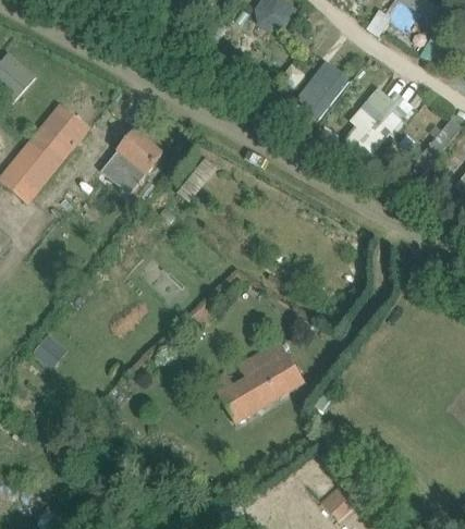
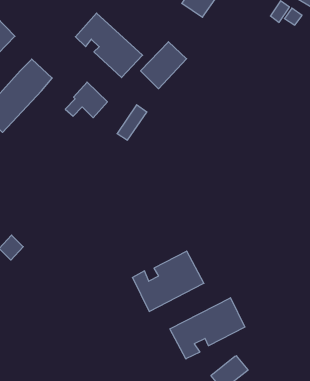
building: none -> [75,13,143,78]
building: [291,58,350,120] -> [141,42,187,89]
building: [343,85,414,158] -> none
building: none -> [170,298,245,359]

